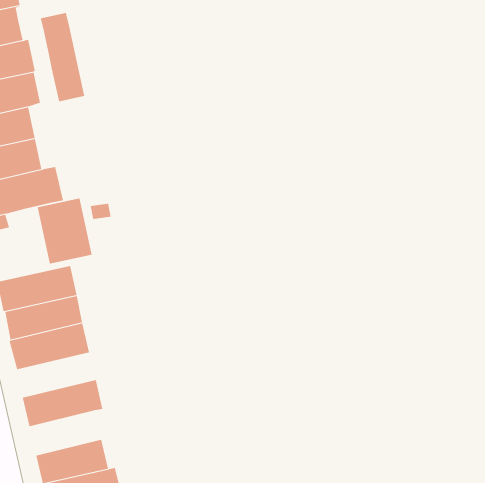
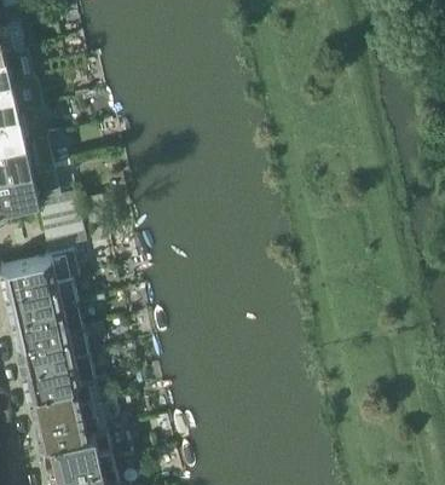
building: [40,12,85,102] -> none
building: none -> [17,317,88,357]
building: none -> [28,369,93,409]

